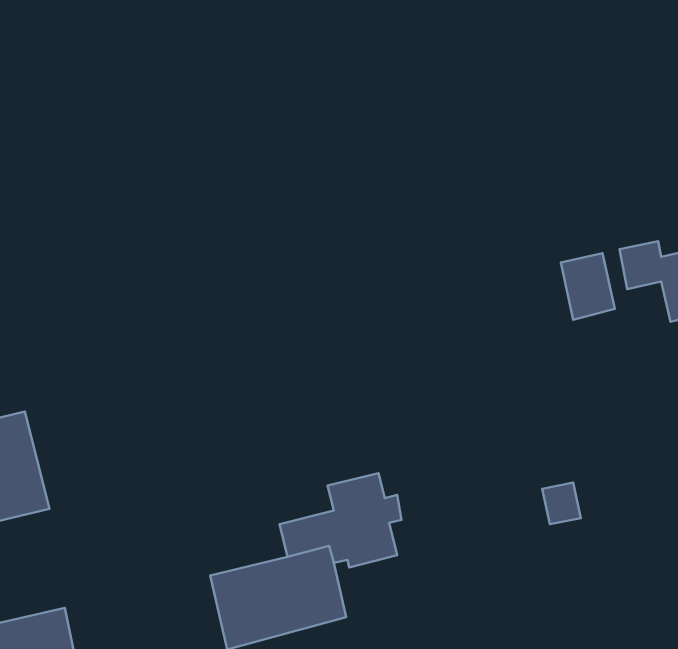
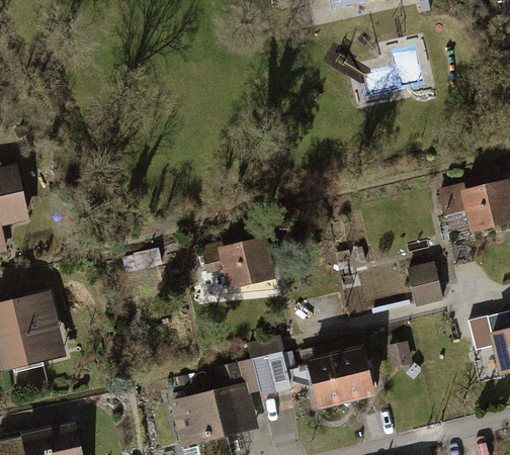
building: [561,253,615,320] -> [407,260,442,303]
building: none -> [199,237,278,291]
building: none -> [305,347,373,410]

